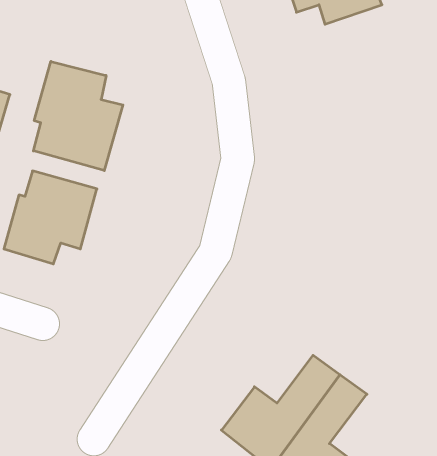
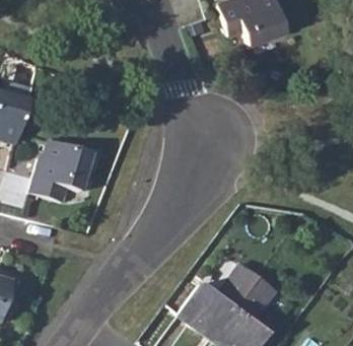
building: [33,61,123,171] -> none

